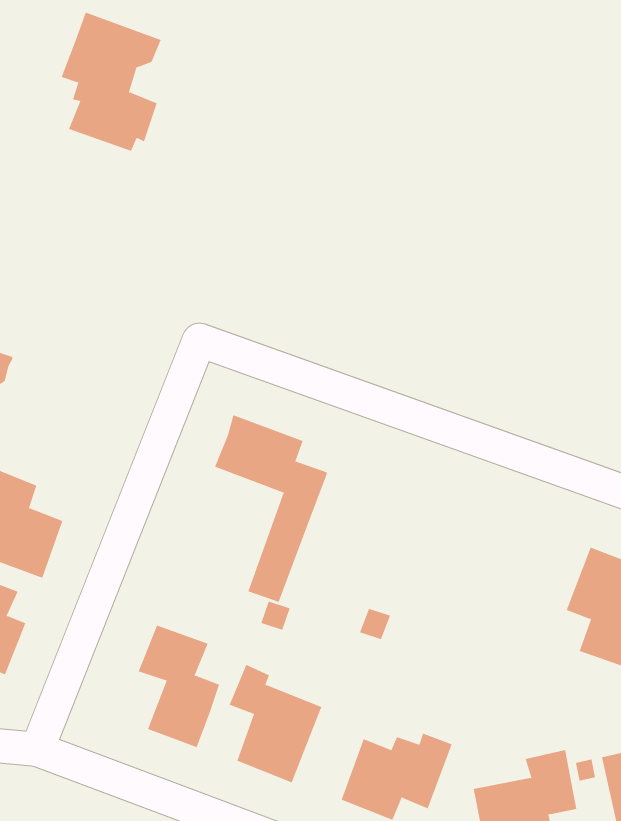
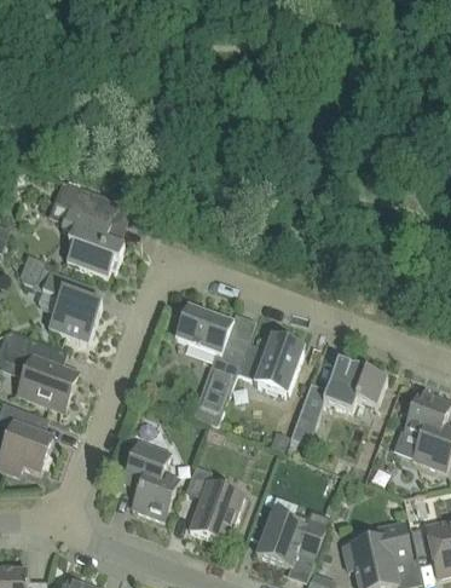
building: [61,12,161,152] -> [60,185,126,276]
building: none -> [41,273,102,342]
building: none -> [236,335,303,394]
building: none -> [290,359,387,444]

